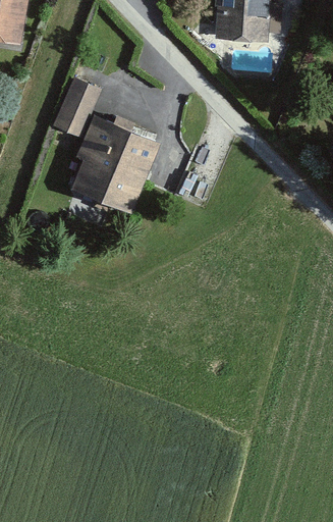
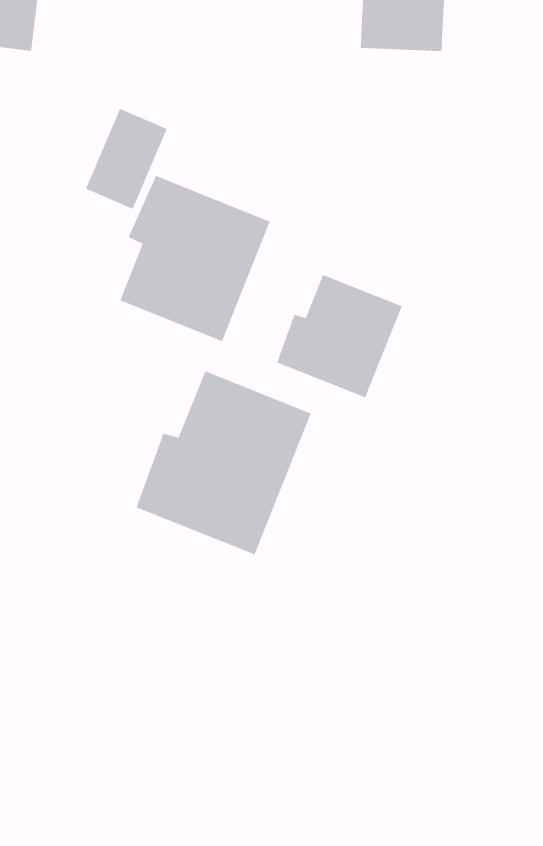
building: none -> [277,274,403,398]
building: none -> [136,371,312,555]

